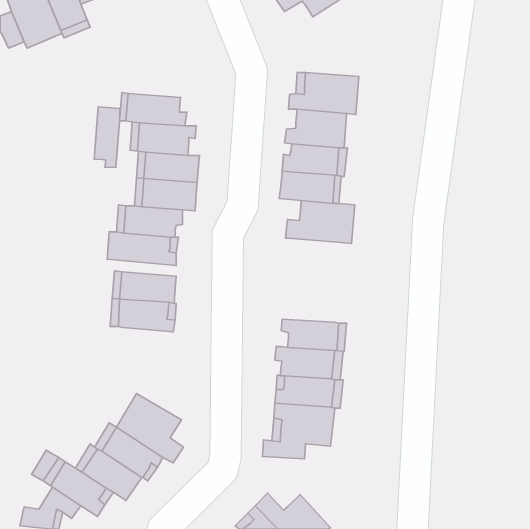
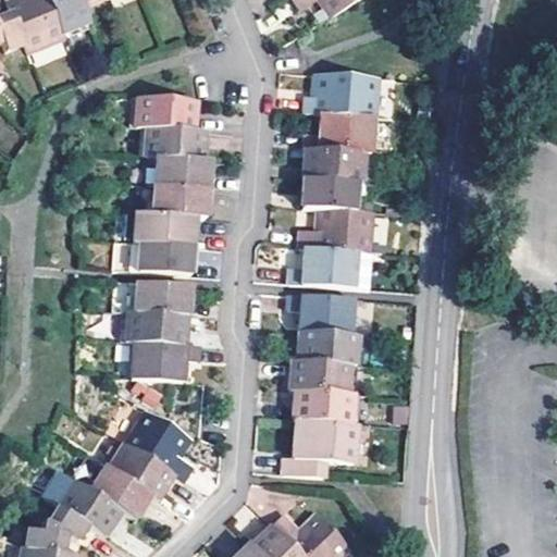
building: [94,107,120,167] -> none
building: none -> [293,247,360,288]
building: none -> [290,294,355,334]
building: none -> [131,339,201,381]

